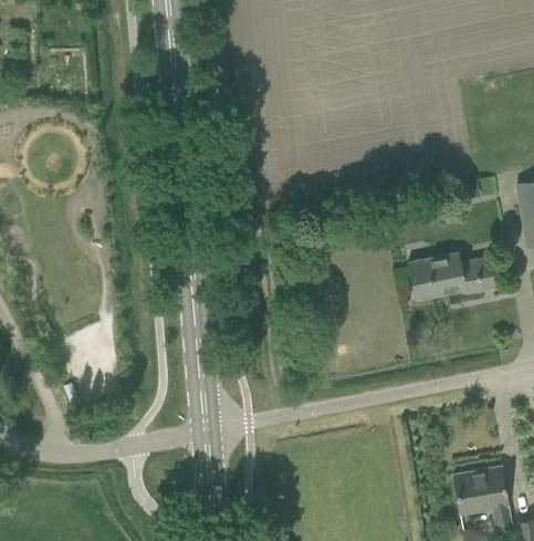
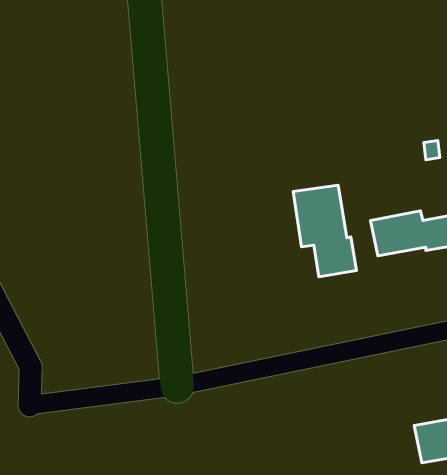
building: none -> [293,185,357,277]

